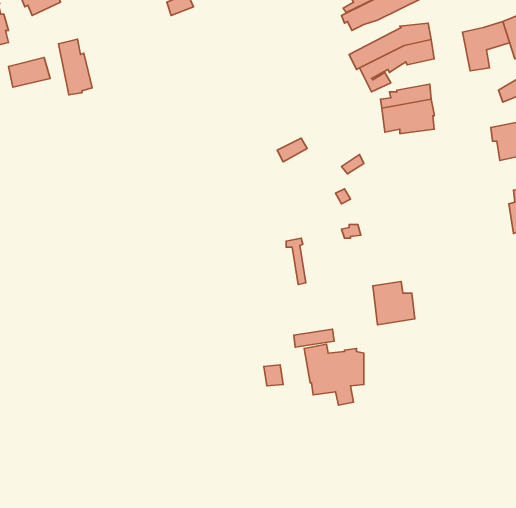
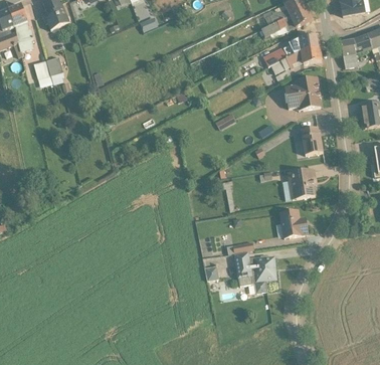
building: [58,39,92,95] -> none
building: none -> [301,127,323,155]
building: none -> [282,168,317,200]

